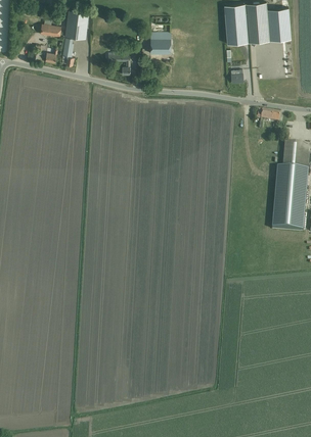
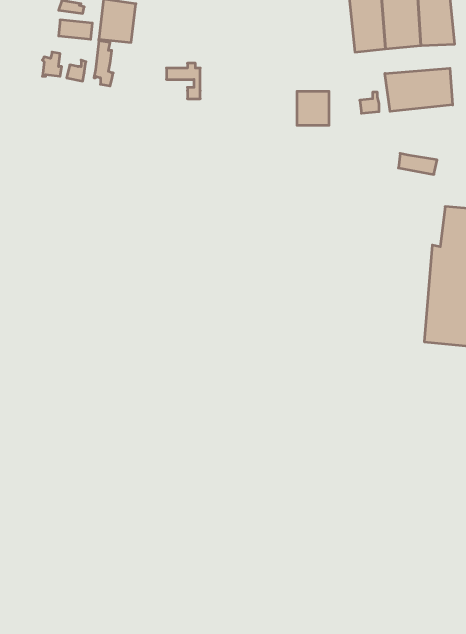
building: [150,33,171,54] -> [297,91,329,125]
building: none -> [385,68,453,111]

